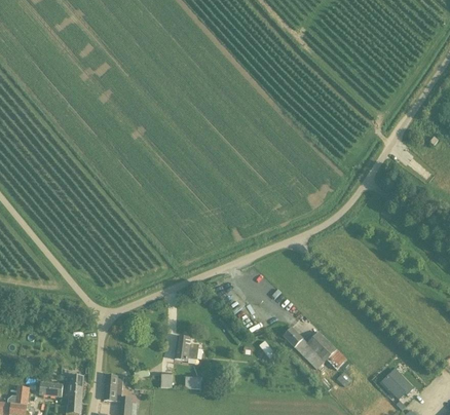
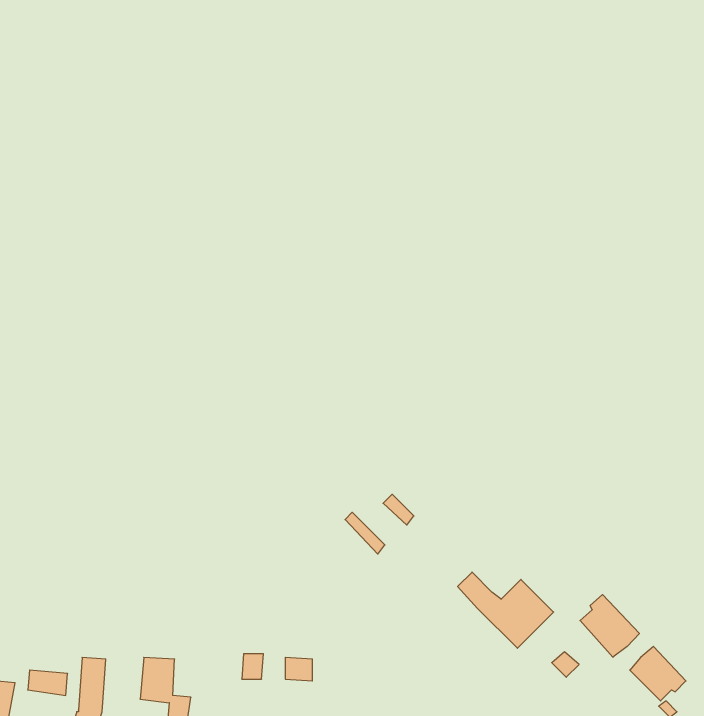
building: [176,336,199,360] -> none
building: none -> [580,595,639,657]

